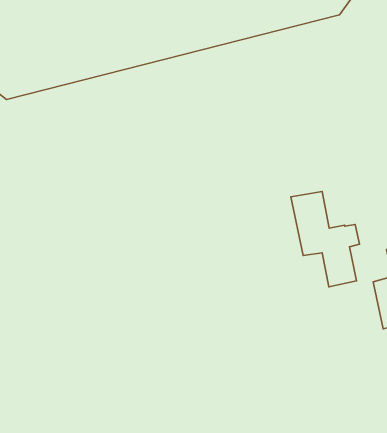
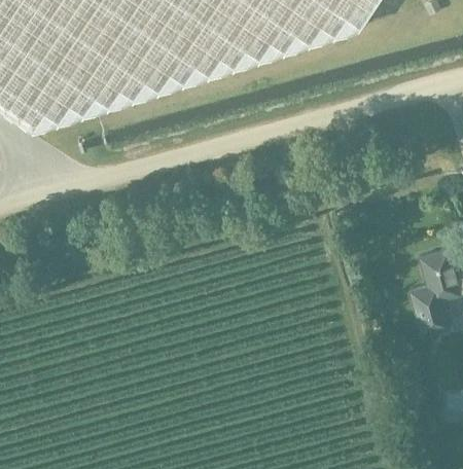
building: [291,192,359,287] -> none

